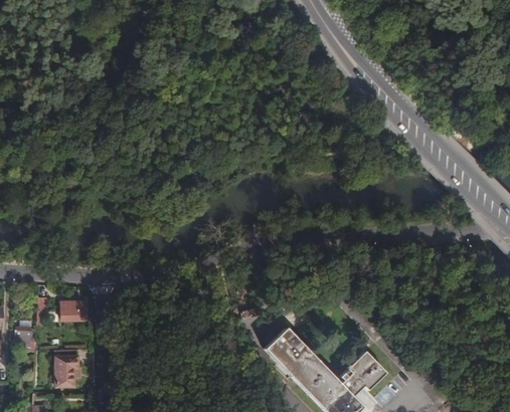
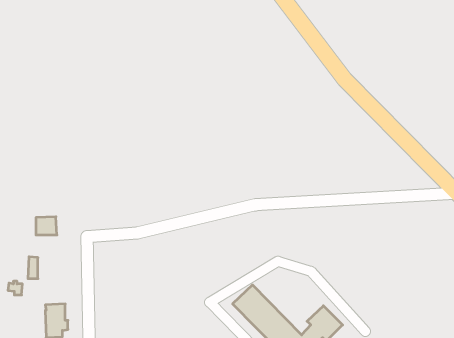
building: [63,300,87,321] -> [36,217,57,235]

